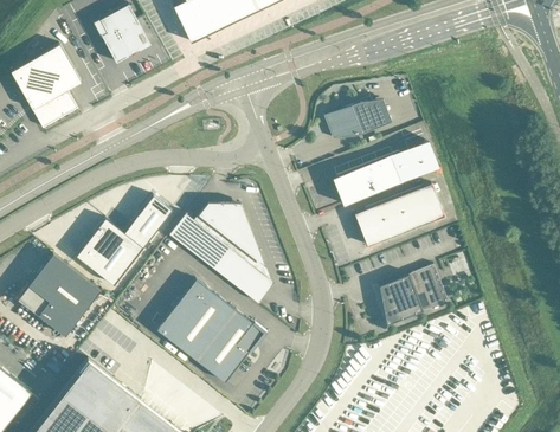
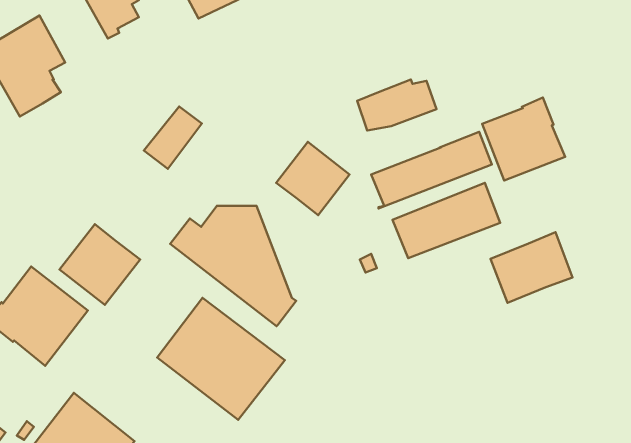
building: none -> [482,98,565,180]
building: none -> [276,142,350,215]
building: [123,195,172,247] -> [144,107,202,169]
building: [379,264,448,323] -> [490,232,573,303]

